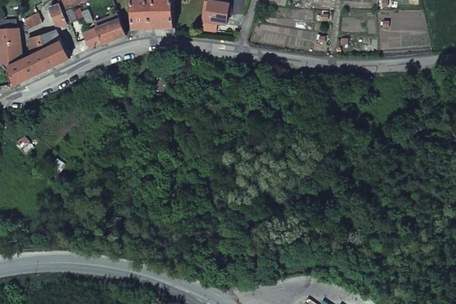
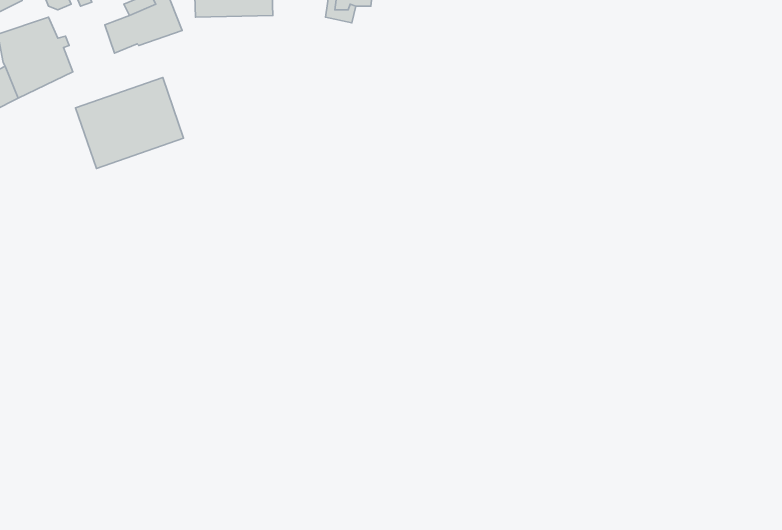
building: none -> [76,78,184,169]

